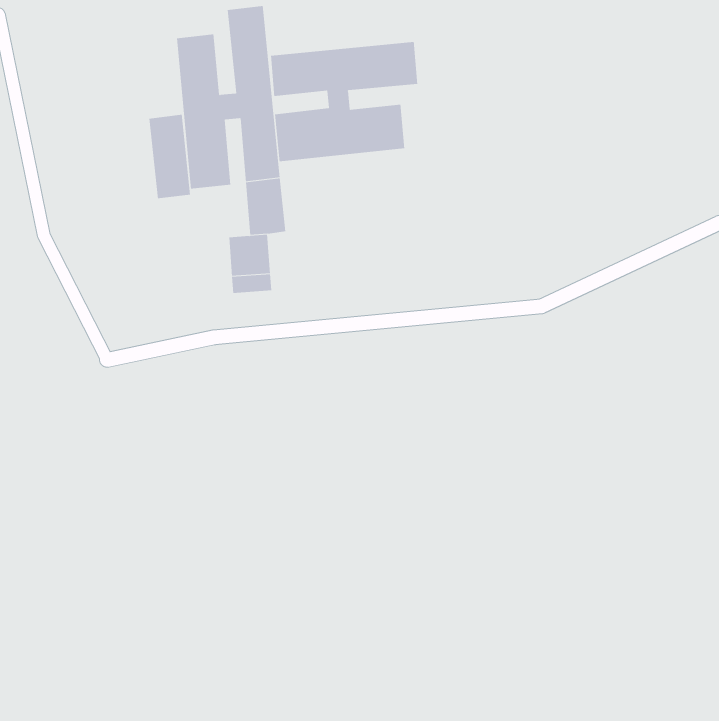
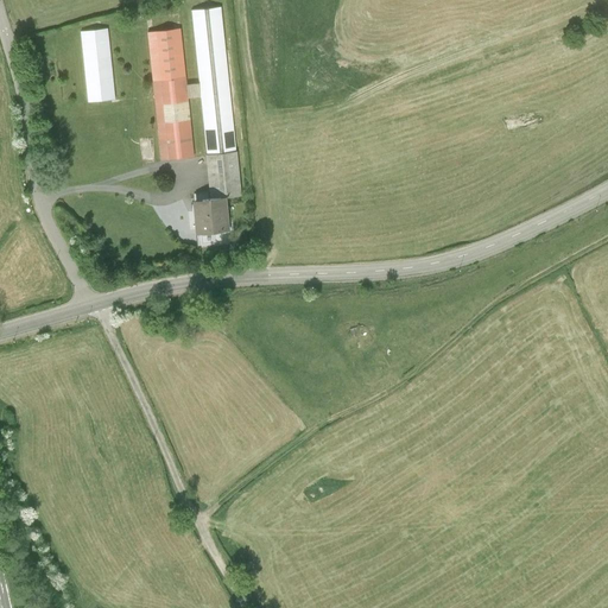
building: [271,41,418,162] -> none
building: [149,114,191,199] -> [81,28,116,100]

